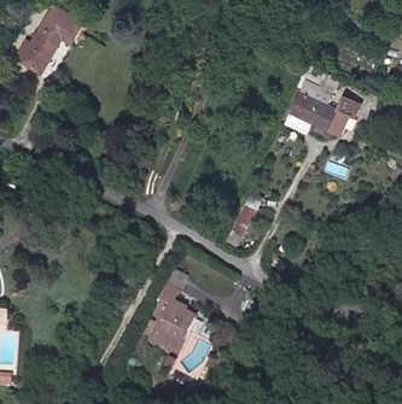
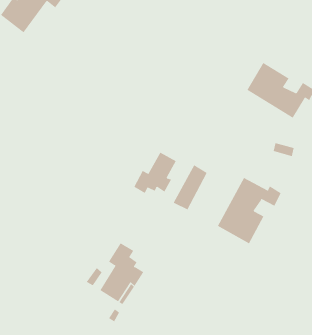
building: none -> [133,152,177,194]
building: none -> [217,177,282,244]

